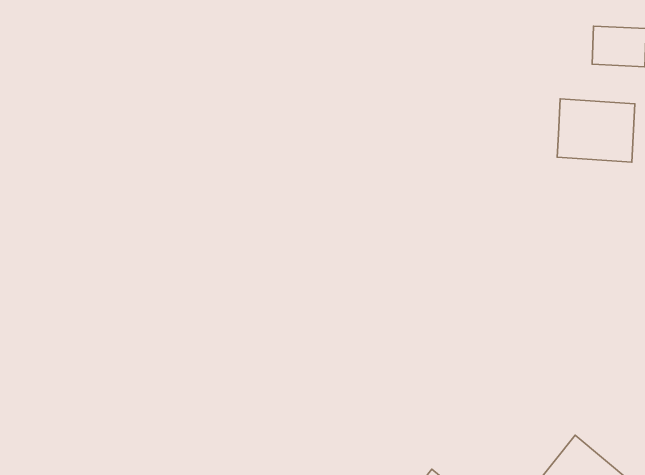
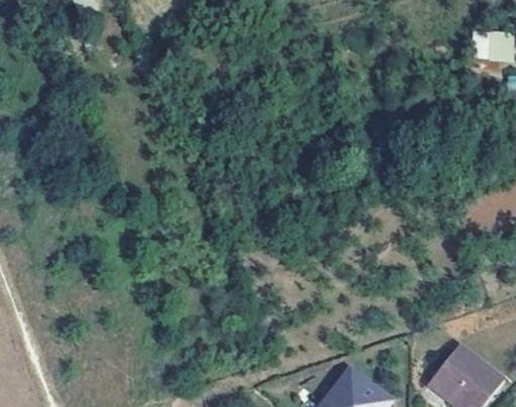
building: [557,99,635,162] -> none

